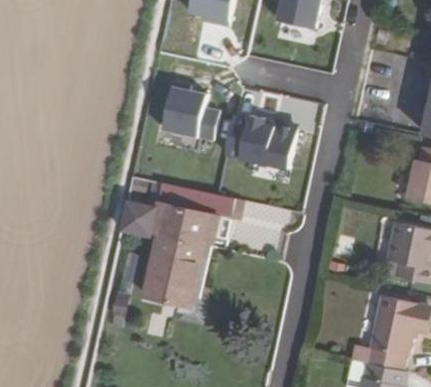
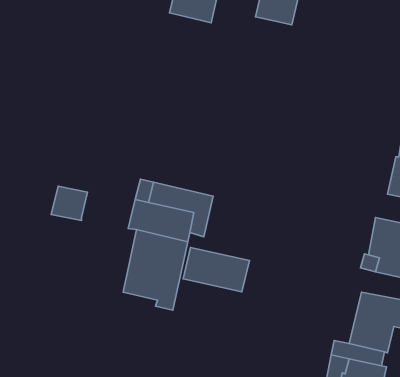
building: [163,91,222,141] -> none
building: [224,116,297,168] -> none
building: [119,202,155,236] -> [51,186,88,220]
building: none -> [183,248,249,292]

